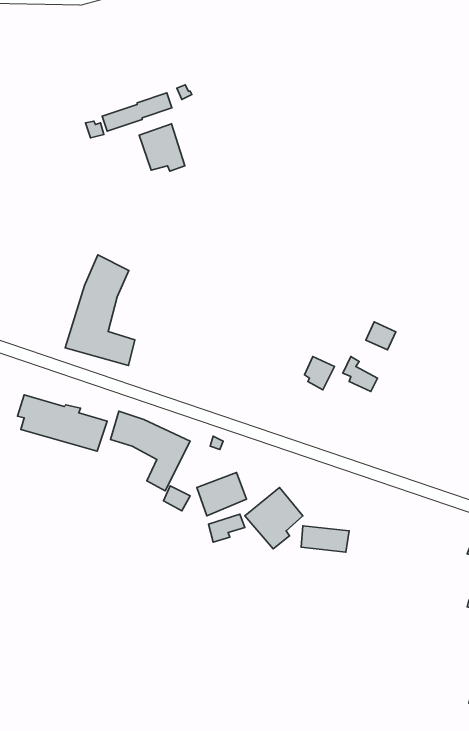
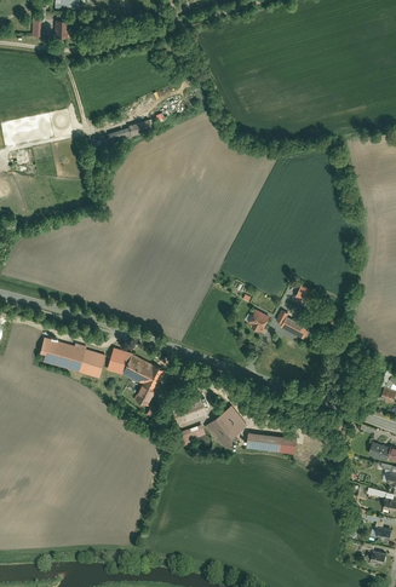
building: [139,124,185,171] -> none
building: [65,255,135,366] -> none

